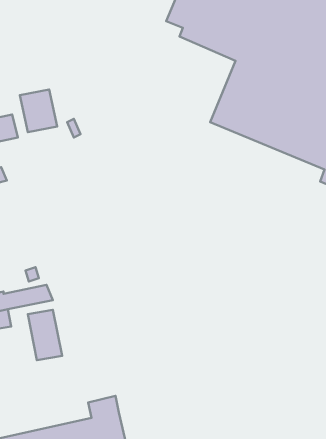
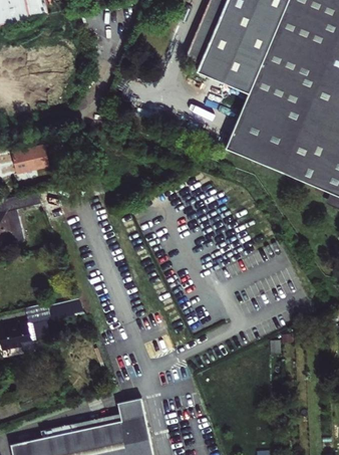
building: [20,89,57,132] -> none
building: [28,310,62,360] -> none

